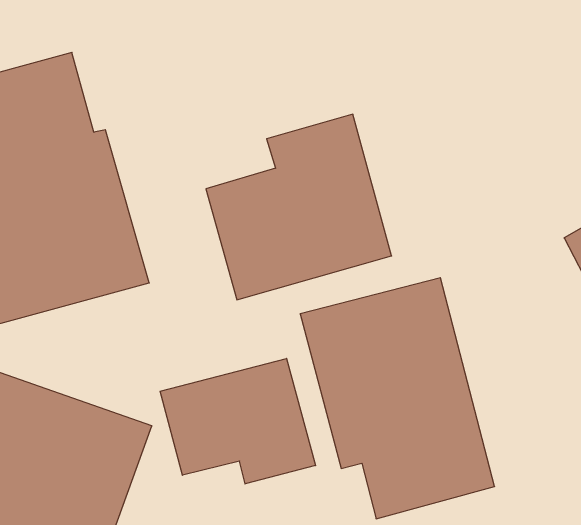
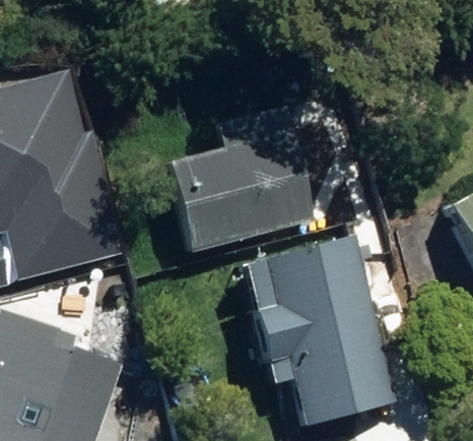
building: [160,358,316,484] -> none

